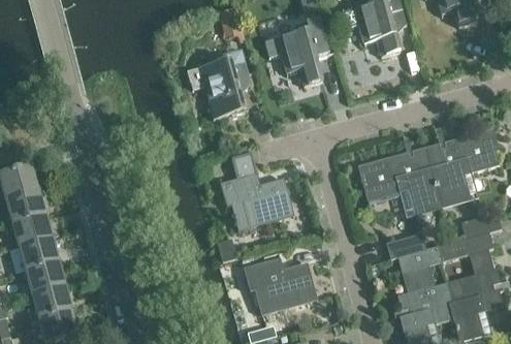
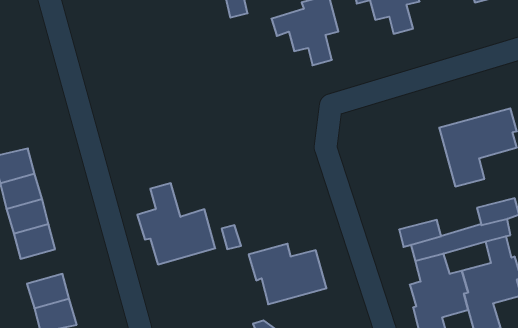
building: [187,49,251,119] -> none
building: [357,146,440,210] -> none
building: [219,153,293,230] -> [137,183,215,264]
building: [25,261,65,294] -> none

